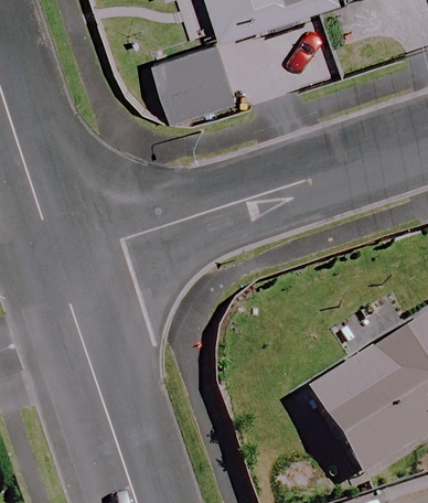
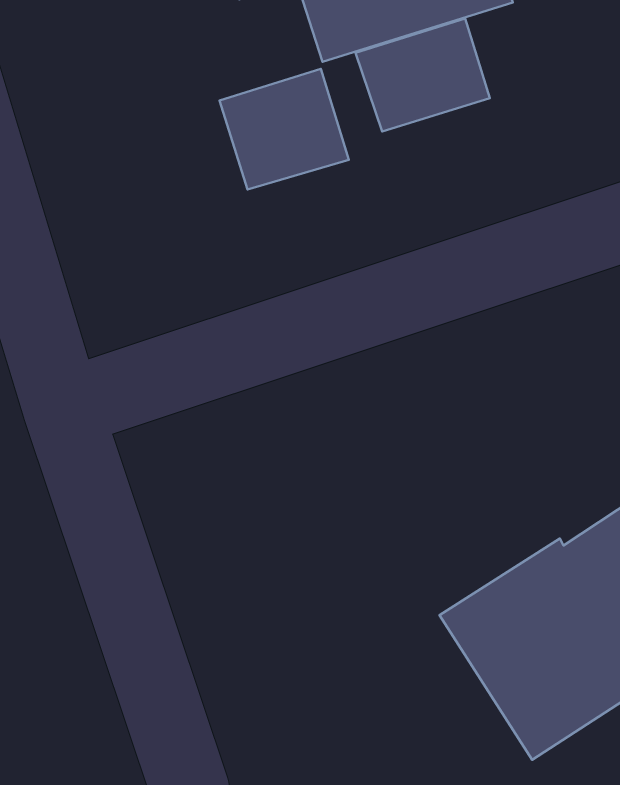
building: none -> [356,19,490,131]

